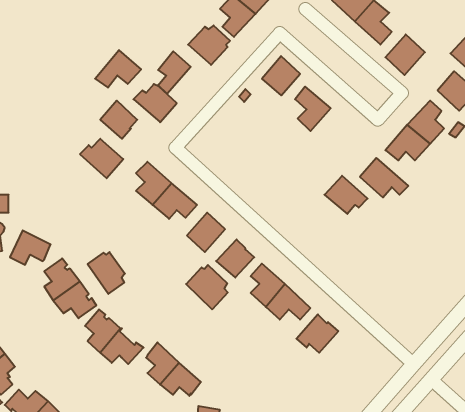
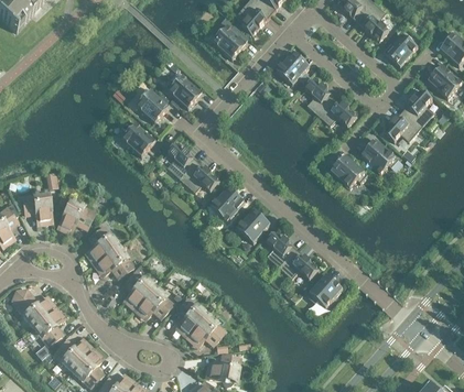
building: [95,50,141,88] -> none
building: [158,51,191,94] -> none
building: none -> [317,96,356,126]
building: [88,252,125,294] -> none
building: [186,265,228,309] -> none

